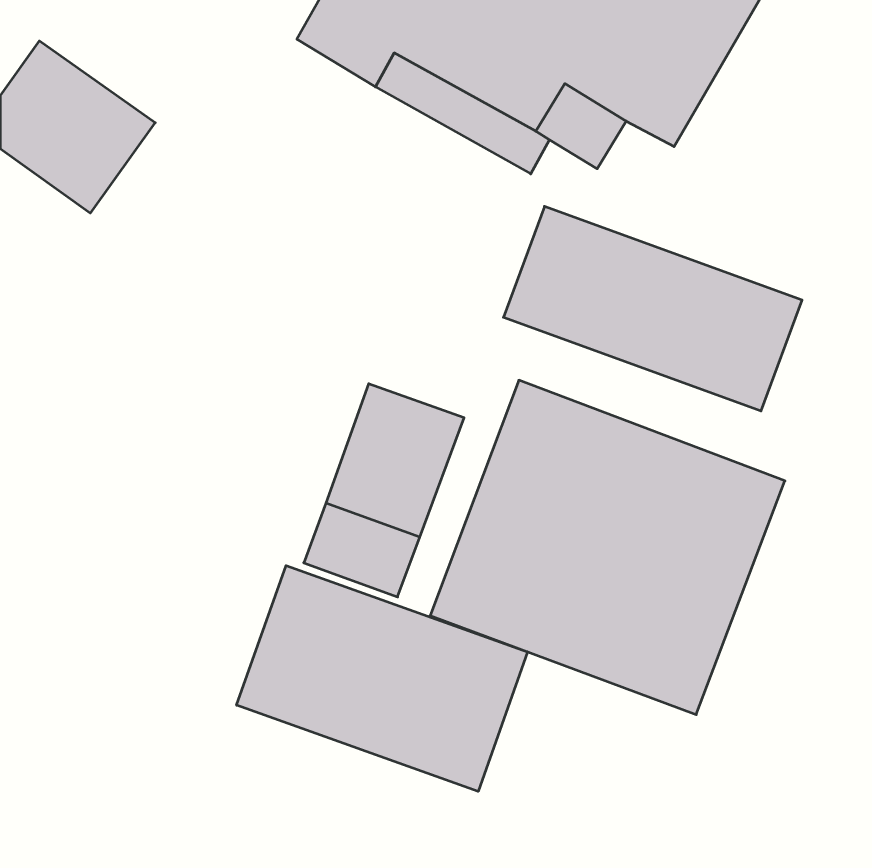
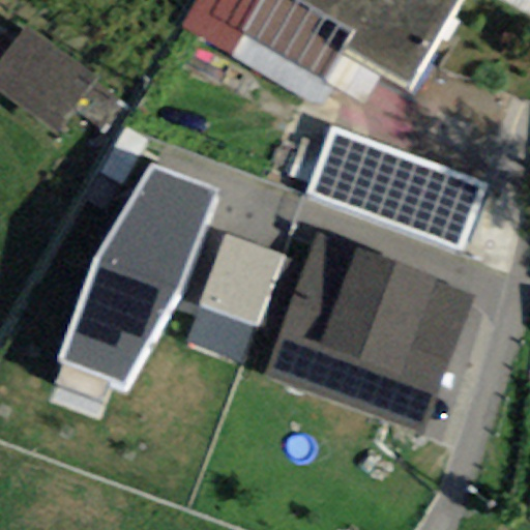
building: none -> [59,164,215,387]
building: [237,566,527,791] -> none

